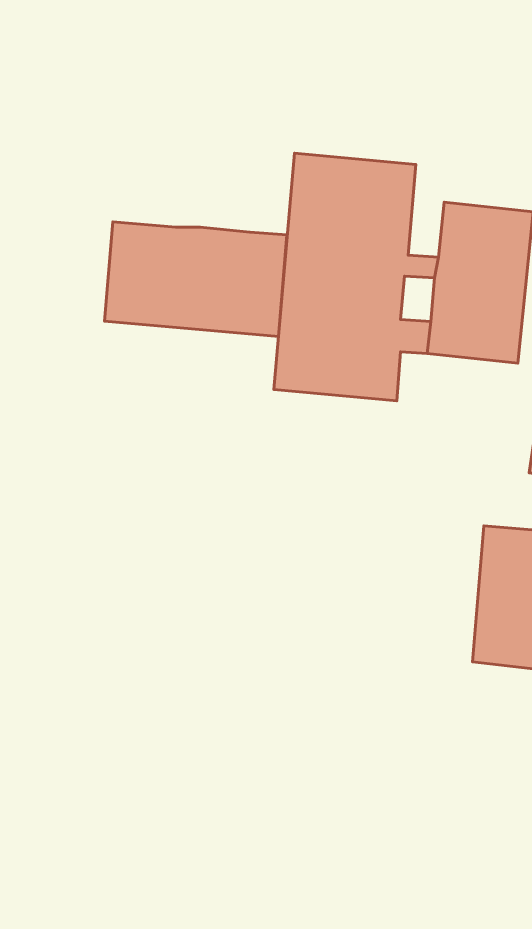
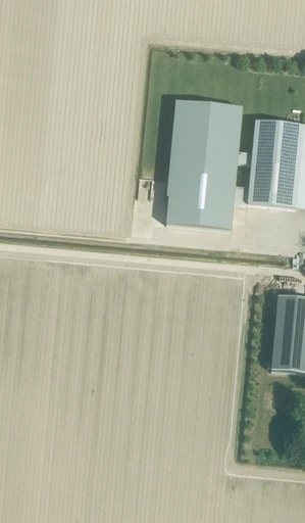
building: [105,222,287,337] -> none

